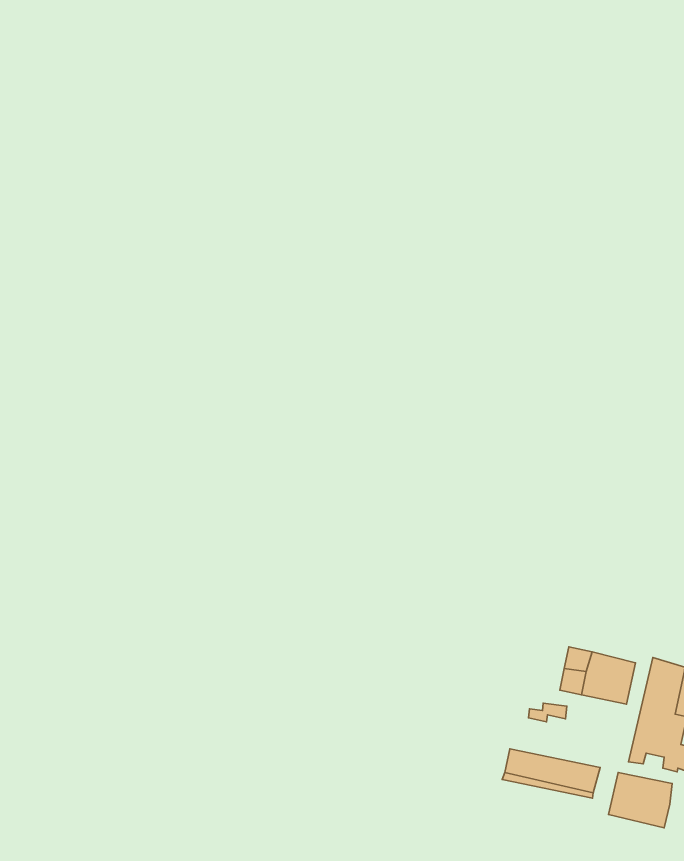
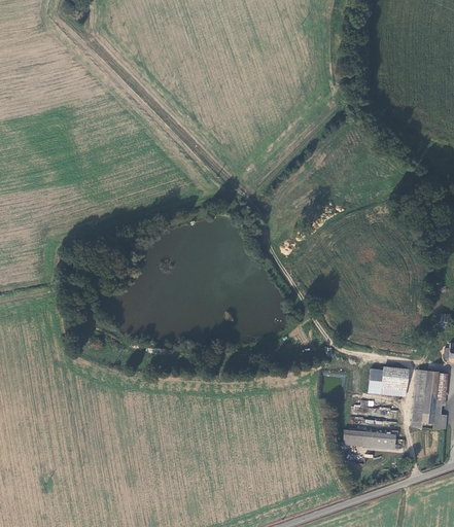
building: [608,773,672,828] -> none

